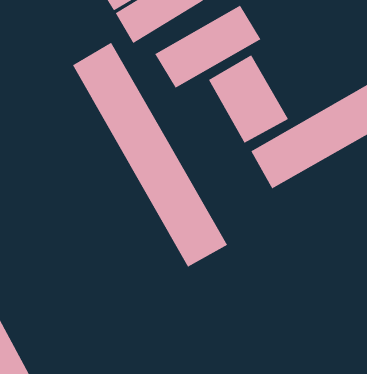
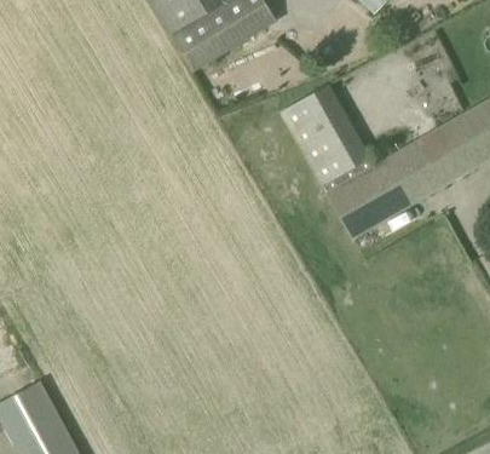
building: [155,5,261,88] -> none
building: [72,42,228,267] -> none

